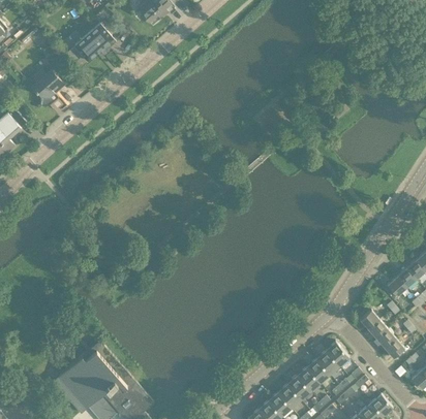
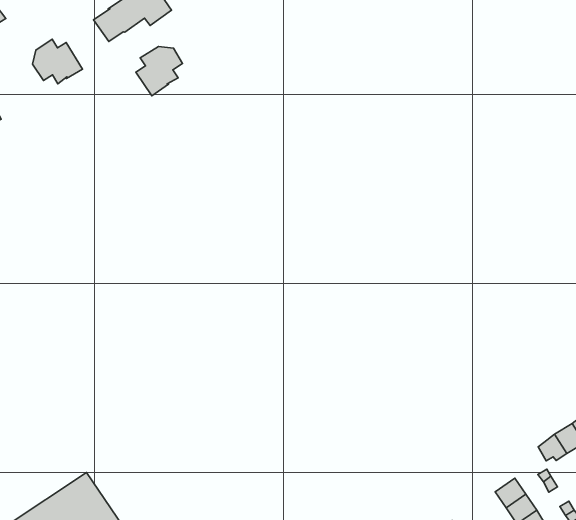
building: none -> [136,47,182,96]

